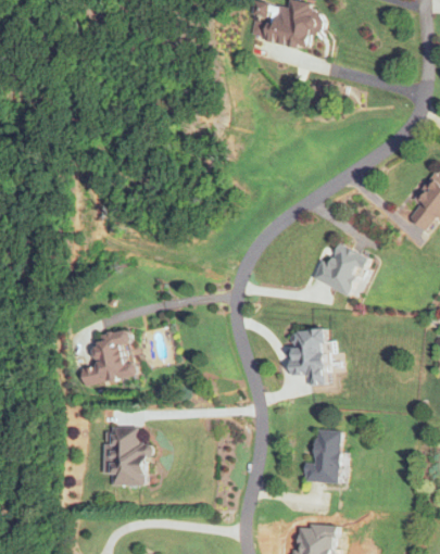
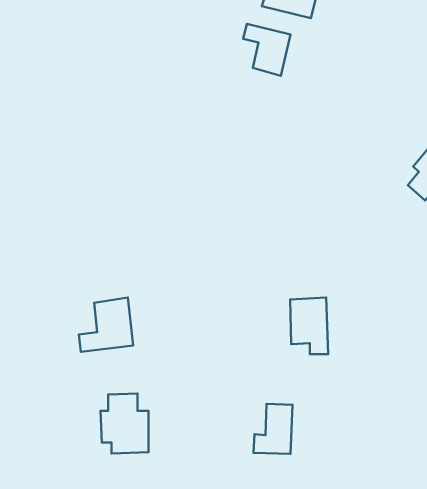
building: none -> [243,24,290,76]
building: [312,243,368,297] -> none
building: [303,430,342,480] -> [253,404,293,454]

